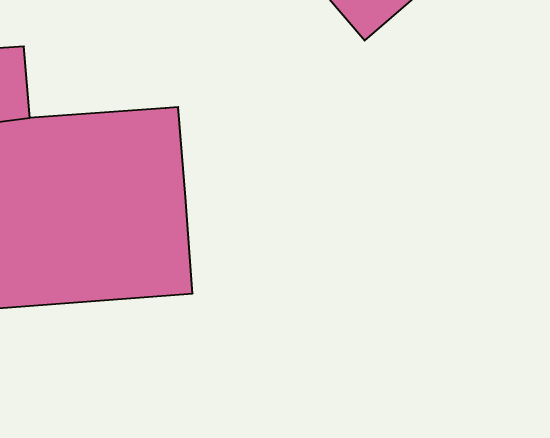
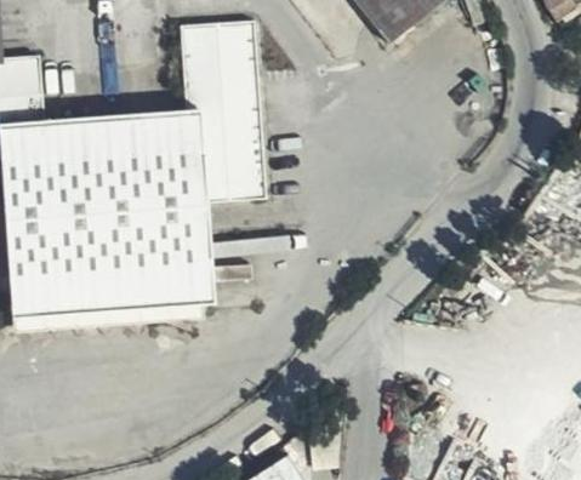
building: none -> [181,15,269,204]

